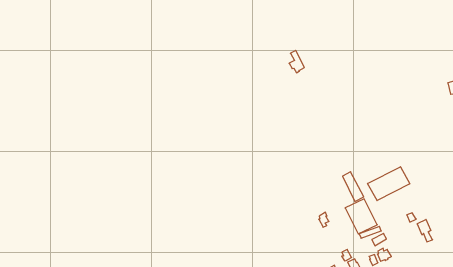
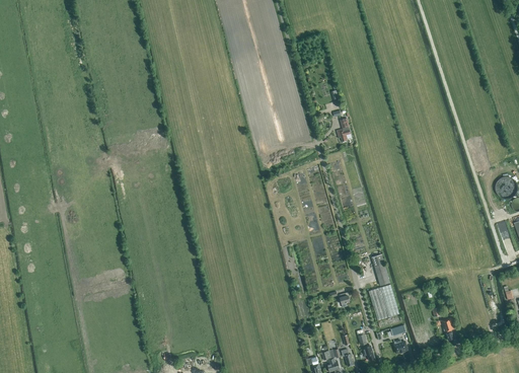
building: [368,167,410,201] -> none

